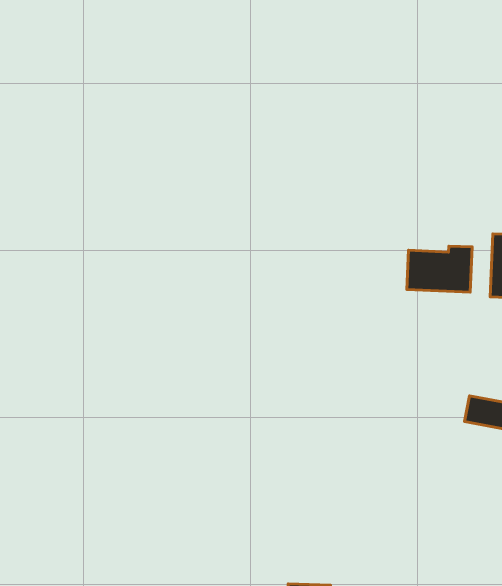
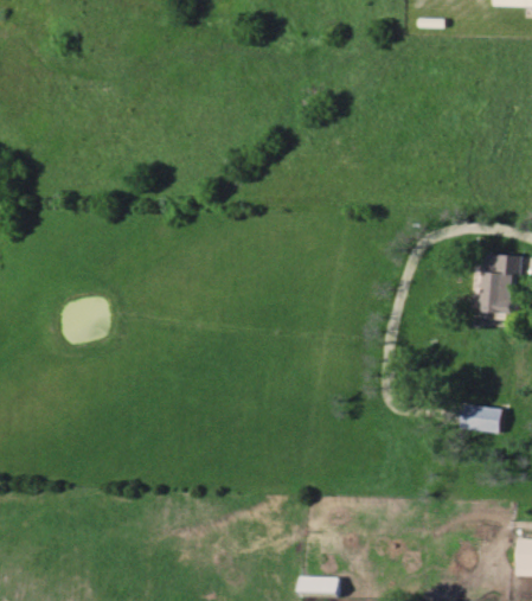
building: [407,246,472,292] -> none

